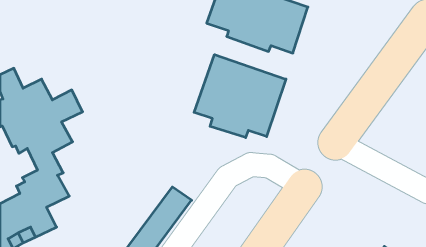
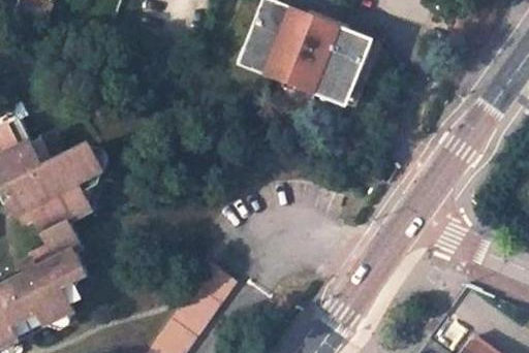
building: [194,55,286,138] -> none

